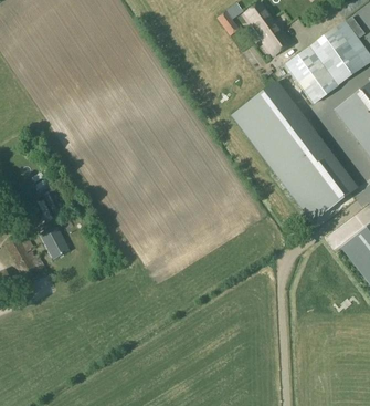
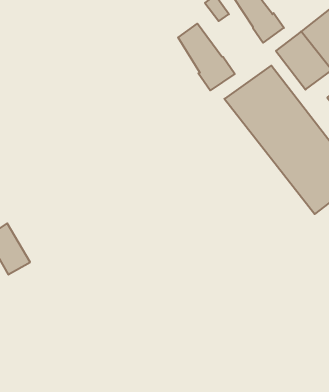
building: none -> [178,24,235,90]
building: [39,223,68,260] -> none

